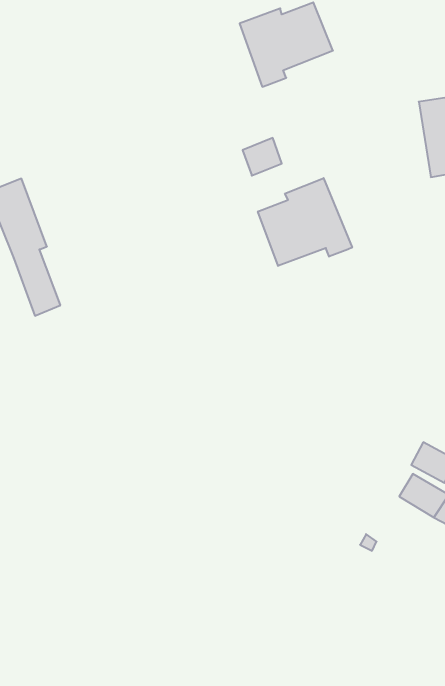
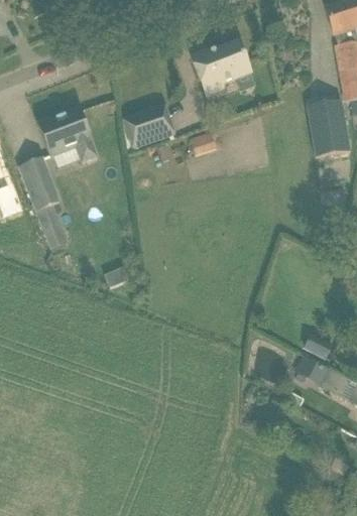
building: none -> [122,102,175,147]
building: none -> [37,108,98,162]
building: [258,178,352,266] -> none

